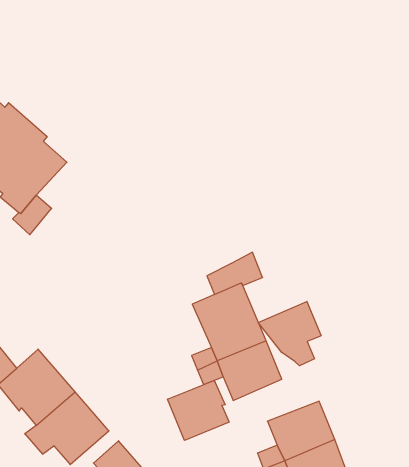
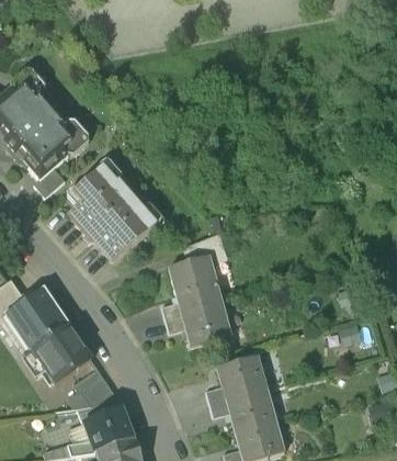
building: none -> [69,166,157,261]
building: [258,301,321,366] -> none
building: [168,380,229,440] -> none

